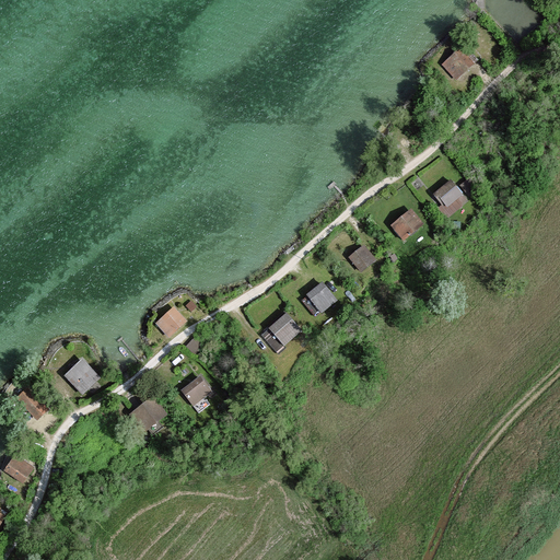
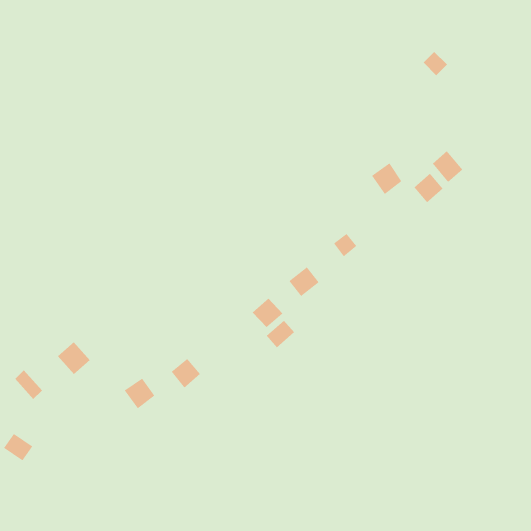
building: none -> [432,151,463,183]
building: [389,210,422,244] -> [371,162,402,195]
building: [156,305,188,336] -> none
building: none -> [266,320,295,348]

